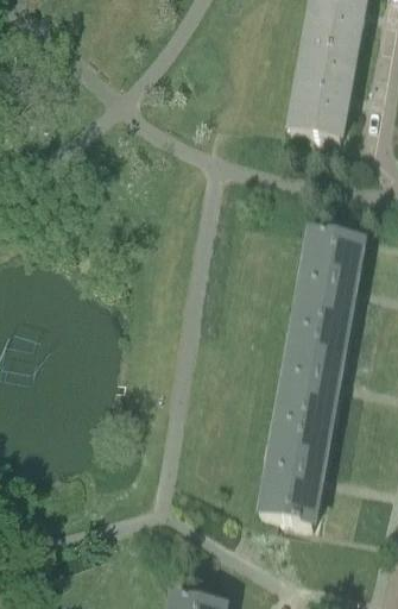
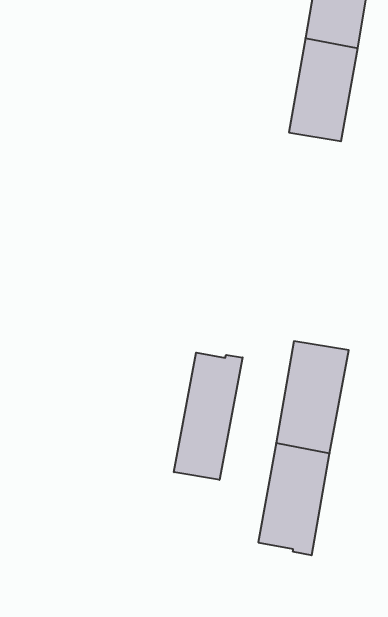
building: [295,225,362,328] -> none
building: none -> [174,353,243,480]

